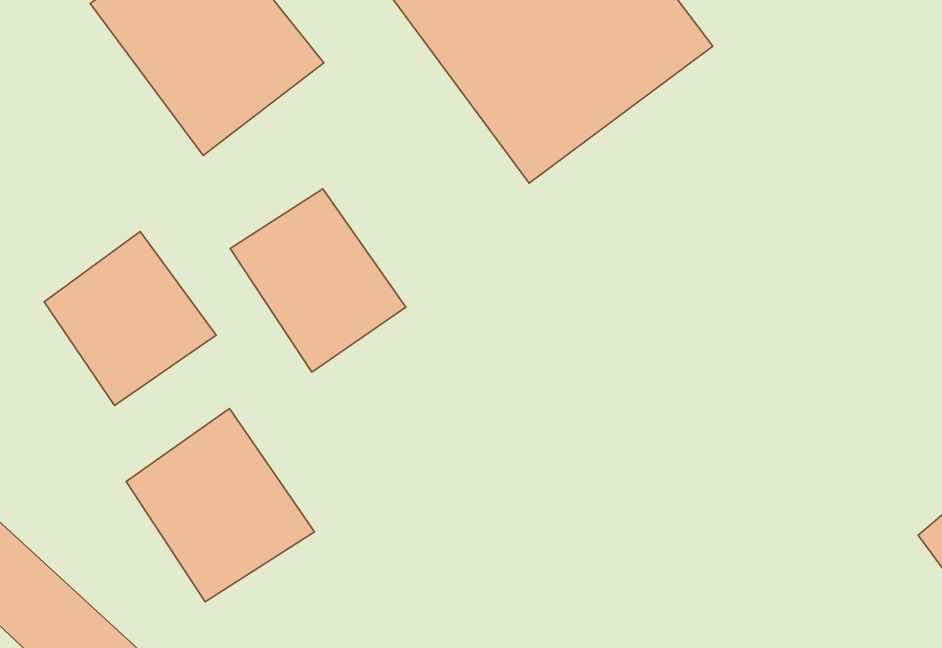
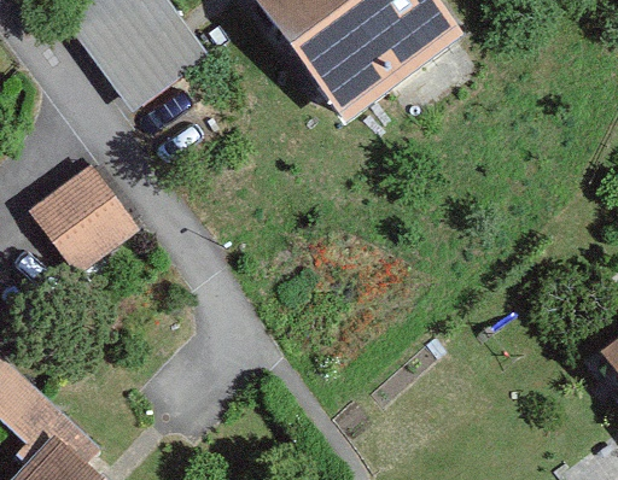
building: [230,189,406,372] -> none
building: [126,409,314,602] -> none

